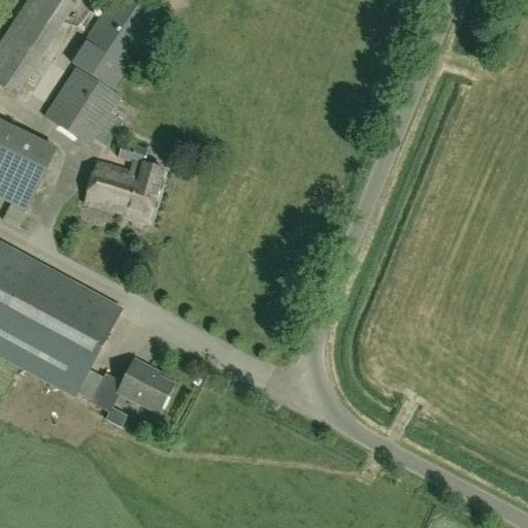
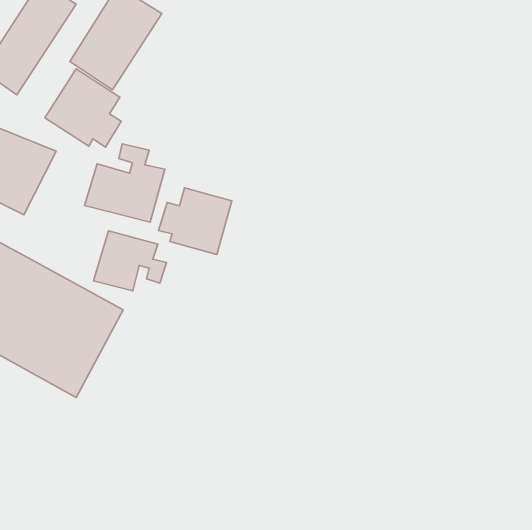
building: none -> [159,188,232,255]
building: none -> [94,231,166,291]
building: [90,360,172,411] -> none

